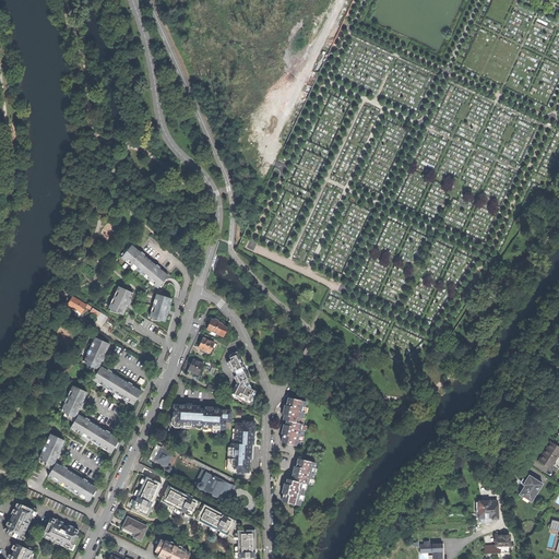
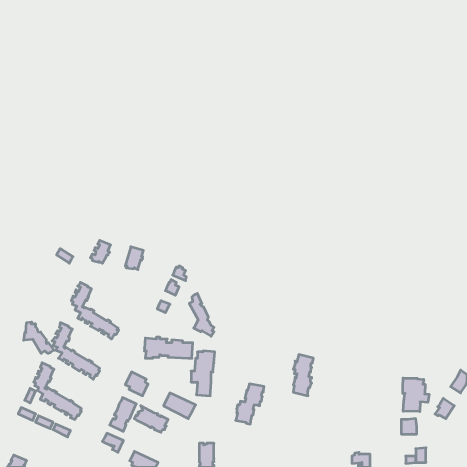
building: [121,246,168,288] -> none
building: none -> [24,322,54,353]
building: [282,397,306,447] -> [293,355,313,396]
building: none -> [403,378,429,412]
building: [7,503,35,539] -> none
building: [197,503,236,535] -> none
building: [43,519,80,547] -> none

